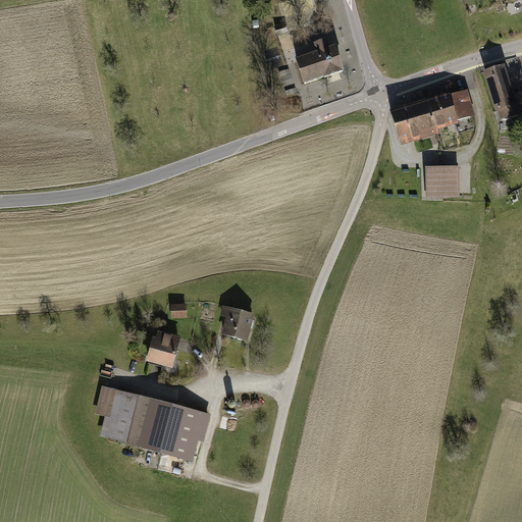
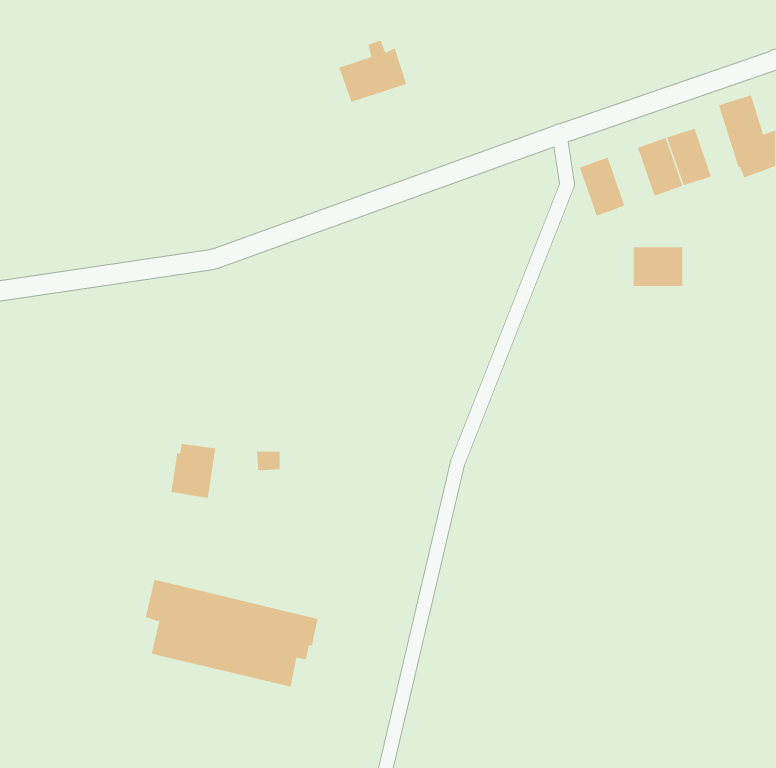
building: [295,35,341,76] -> [339,40,407,102]
building: [407,99,437,138] -> none
building: [222,304,256,342] -> none
building: [152,330,182,367] -> [170,444,216,498]

